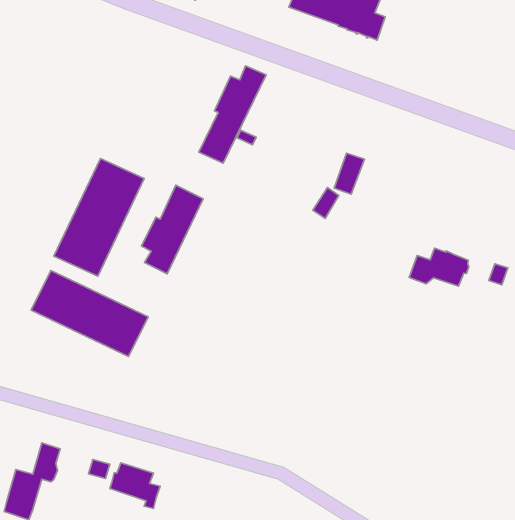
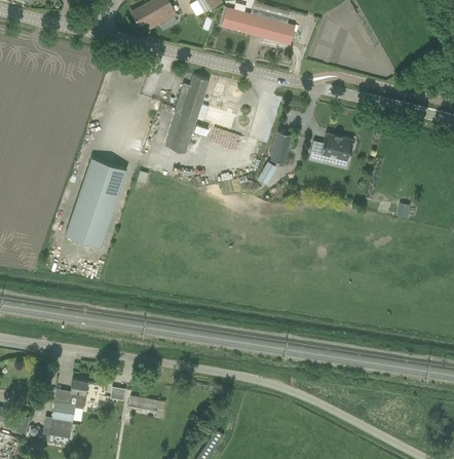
building: [141,185,203,274] -> none
building: [409,248,469,286] -> [309,133,353,161]
building: [31,271,148,357] -> none

